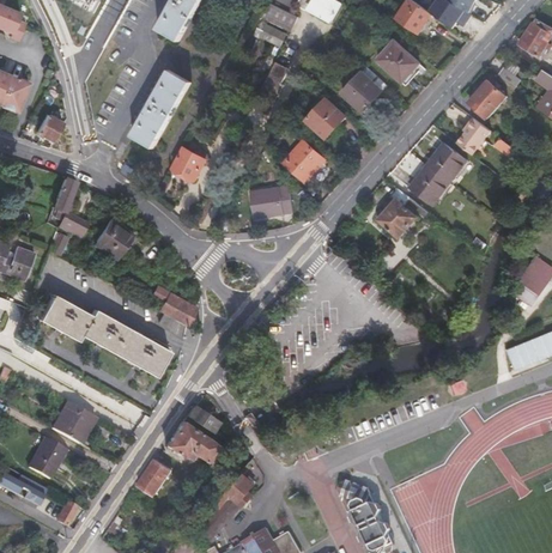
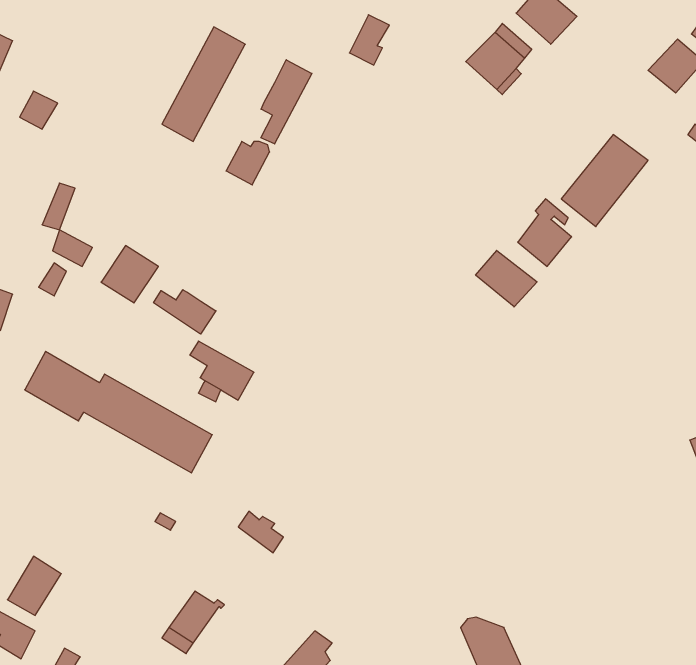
building: none -> [261,60,312,144]
building: [311,102,351,142] -> none
building: [457,115,491,152] -> none
building: [285,141,326,181] -> none
building: [251,188,291,218] -> none
building: none -> [476,250,537,307]
building: none -> [154,290,216,334]
building: [49,400,93,443] -> none
building: [165,419,226,481] -> none

